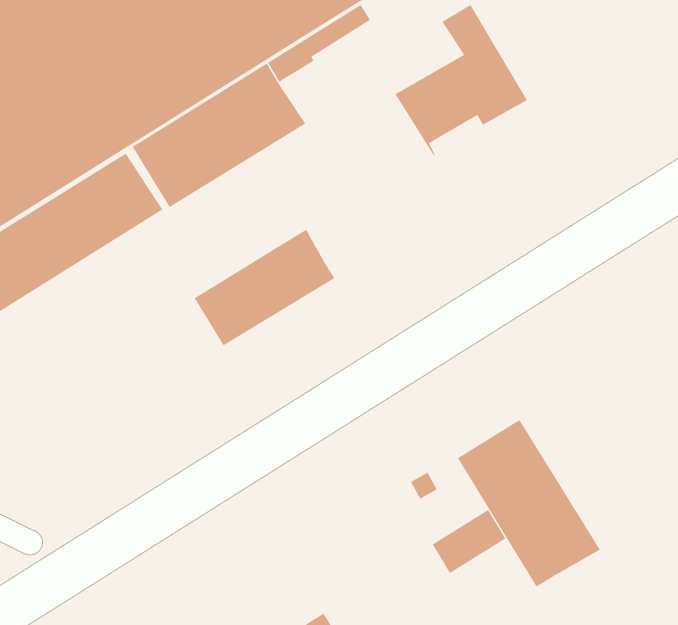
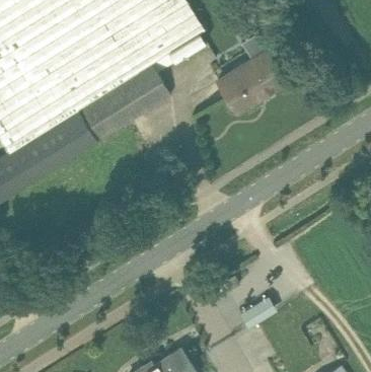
building: [194,229,335,346] -> none
building: [457,419,601,588] -> none

